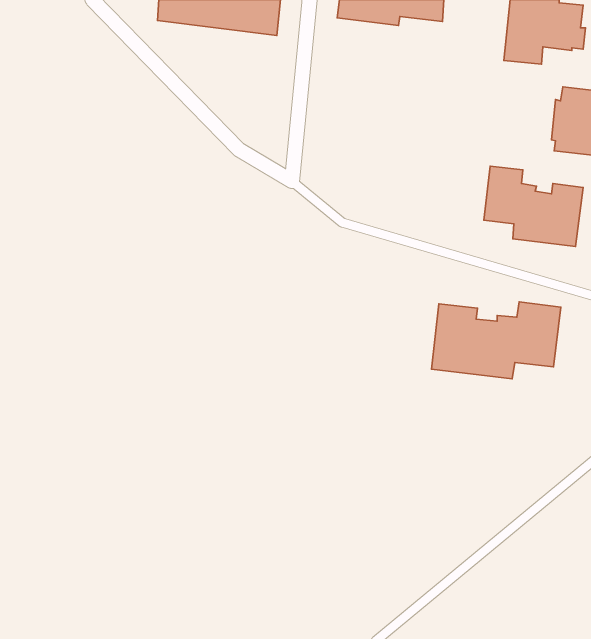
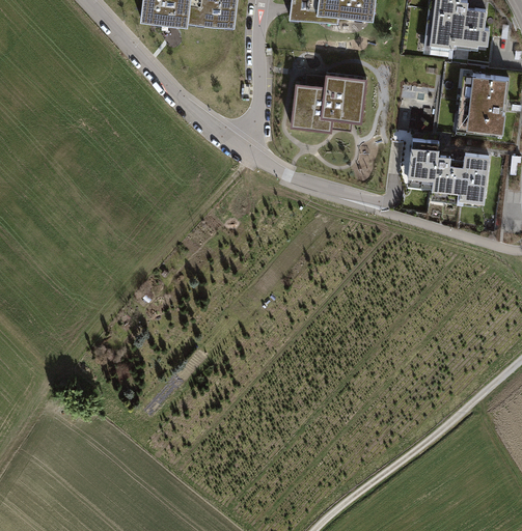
building: none -> [290,72,366,131]
building: [431,302,561,379] -> none

